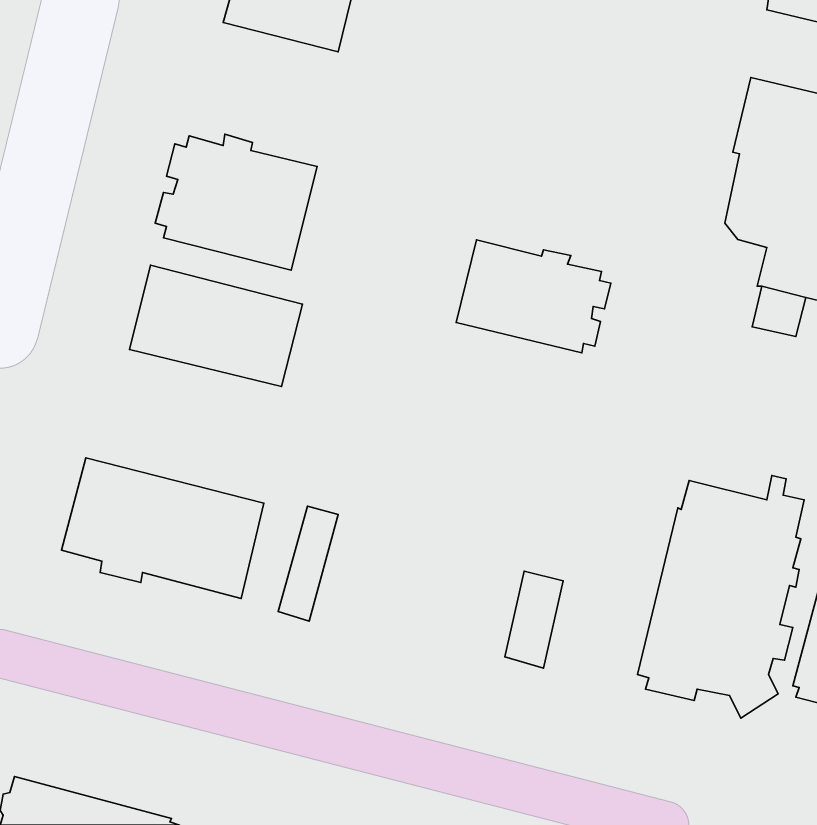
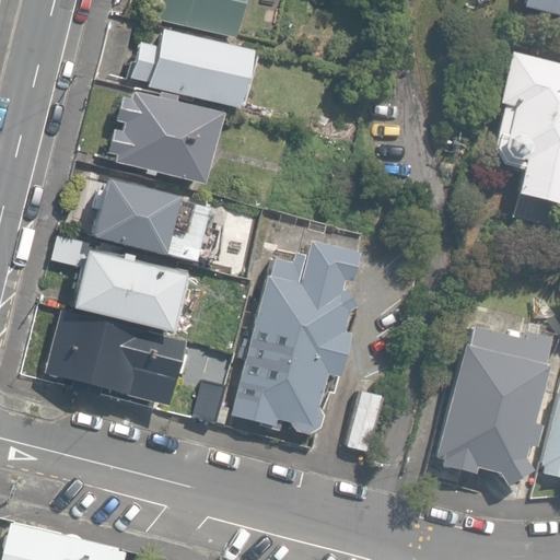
building: none -> [133,30,249,108]
building: [456,240,611,353] -> none
building: none -> [55,234,184,331]
building: none -> [234,240,359,433]

